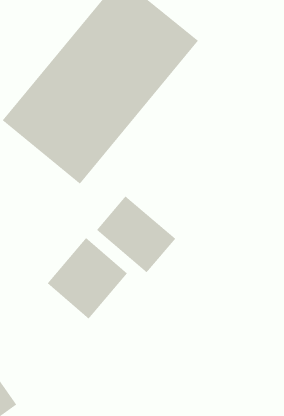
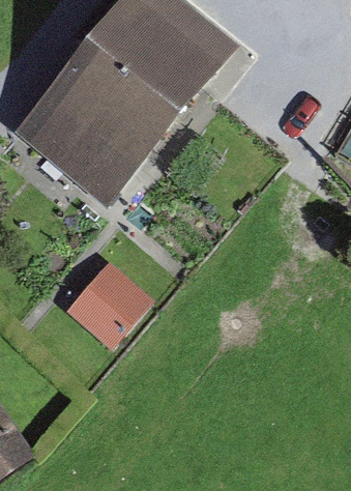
building: [96,196,176,273] -> none

